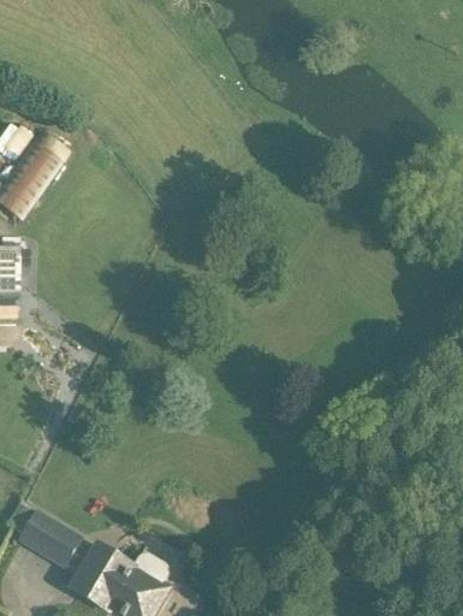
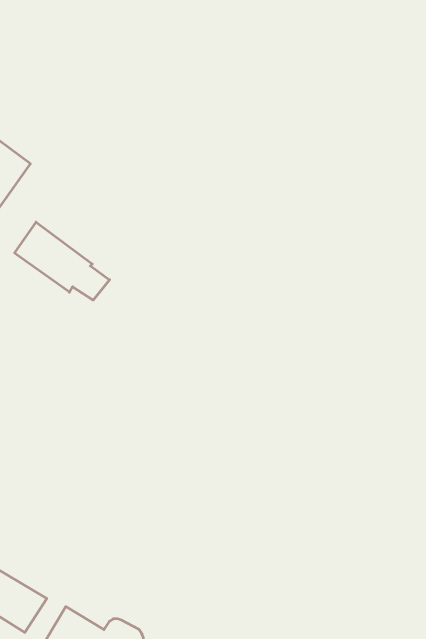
building: none -> [15,222,110,300]

